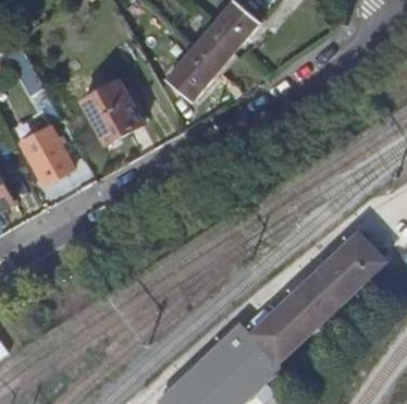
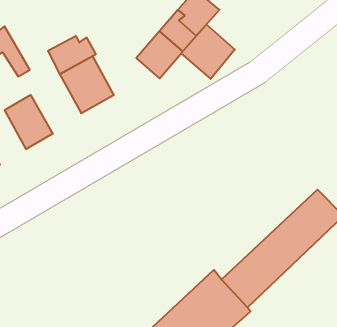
building: none -> [181,24,235,79]
building: none -> [48,36,96,74]

